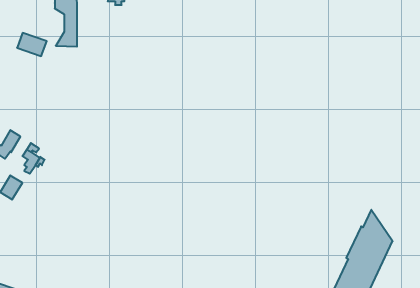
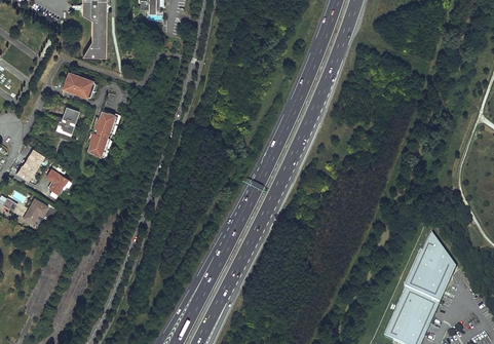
building: [17,33,47,56] -> [60,74,92,100]
building: none -> [55,107,80,138]
building: none -> [85,110,116,157]

